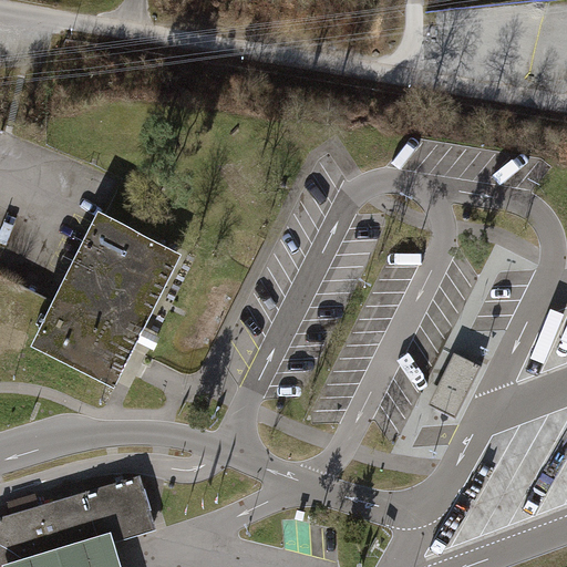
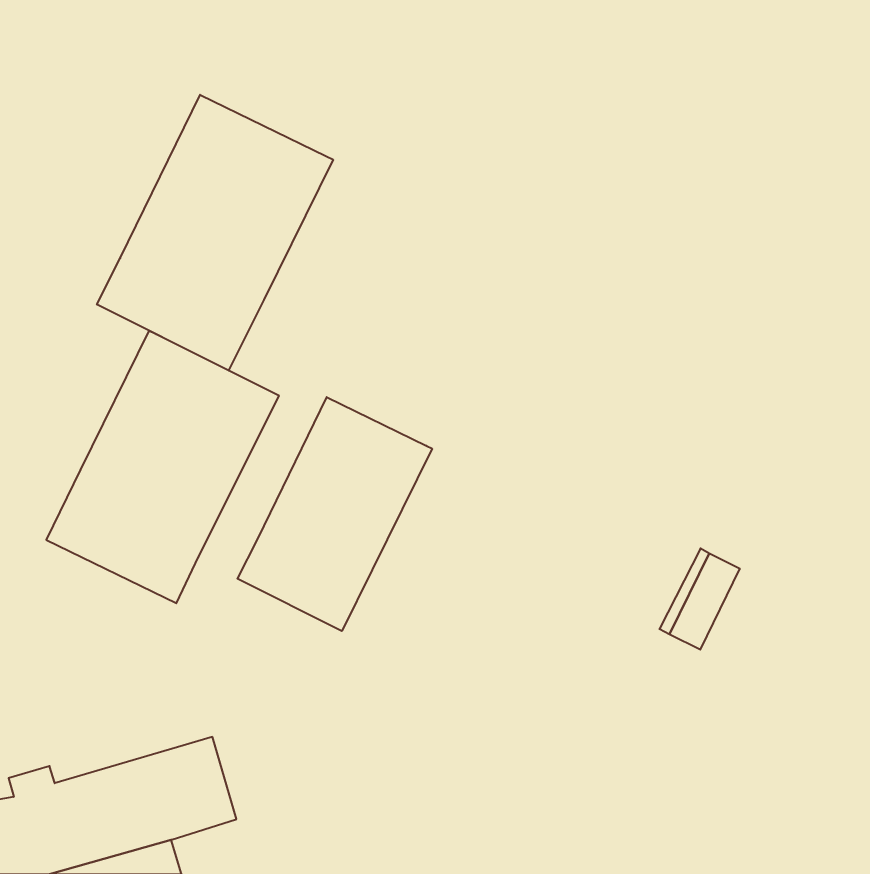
building: none -> [97,95,333,371]
building: none -> [237,397,432,631]

